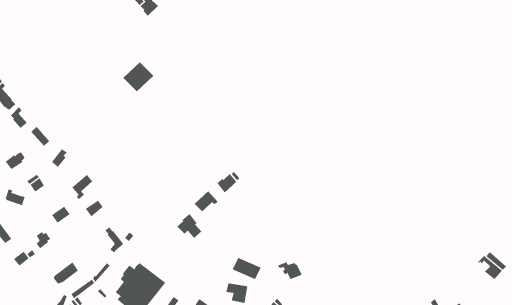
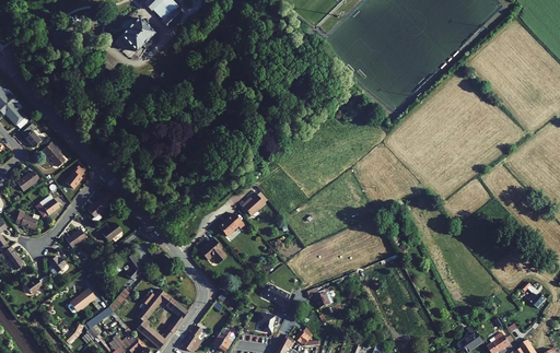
building: [122,61,154,92] -> [120,19,154,51]

